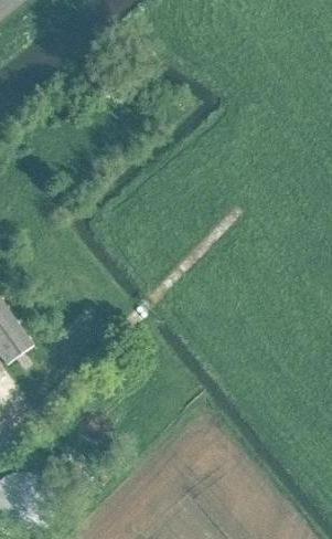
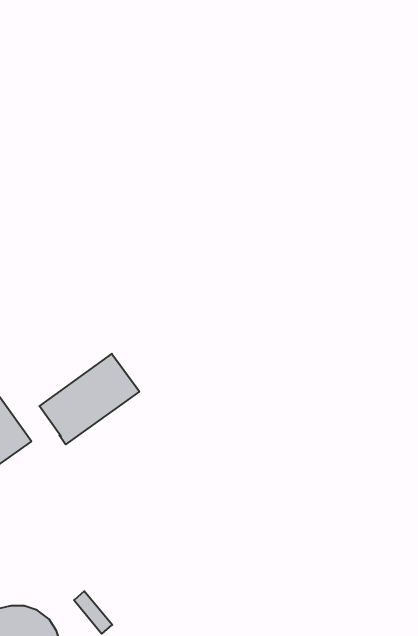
building: none -> [39,354,139,444]

